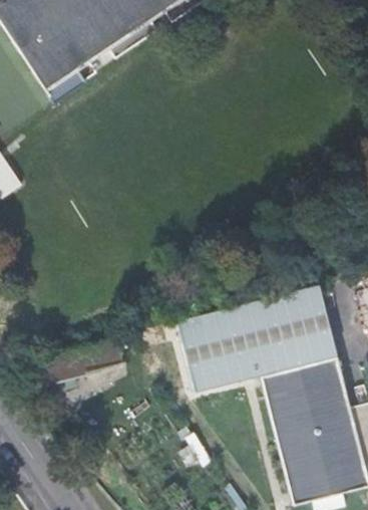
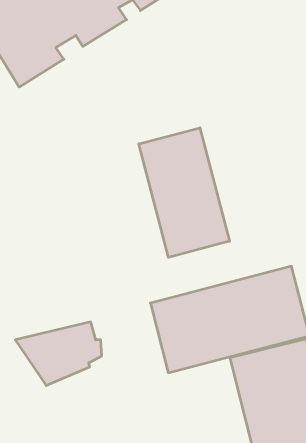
building: none -> [139,128,230,257]

